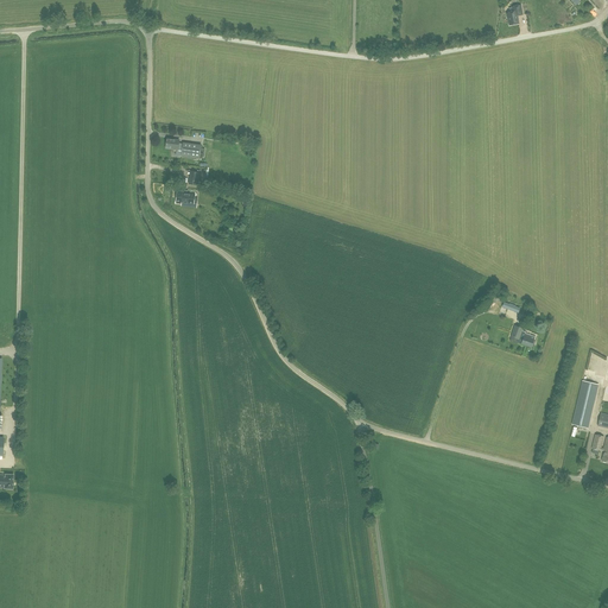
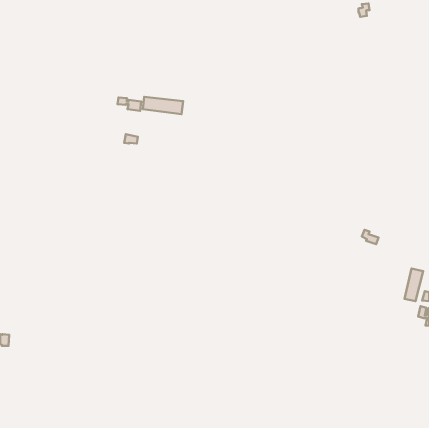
building: none -> [143,97,183,114]

